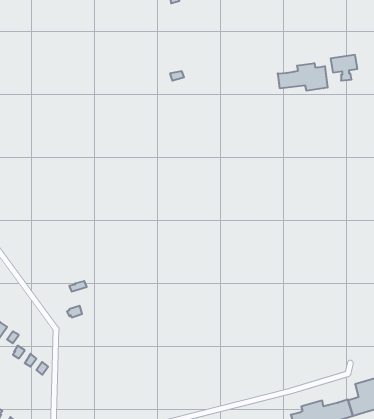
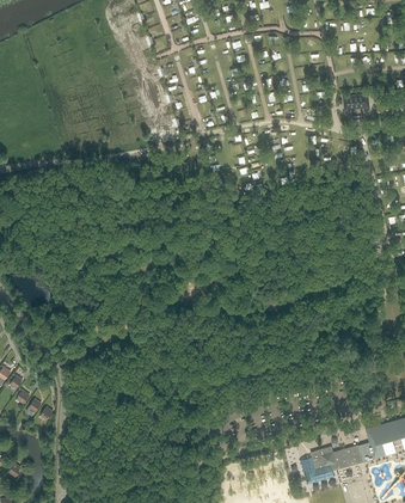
building: [278,63,328,91] -> none

